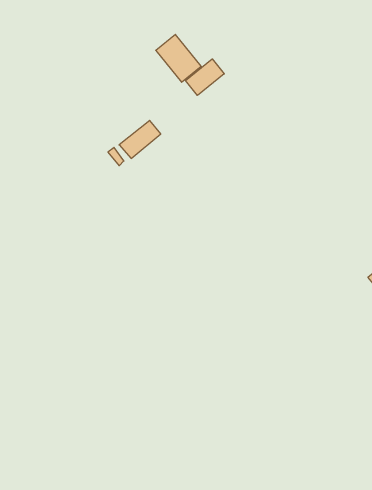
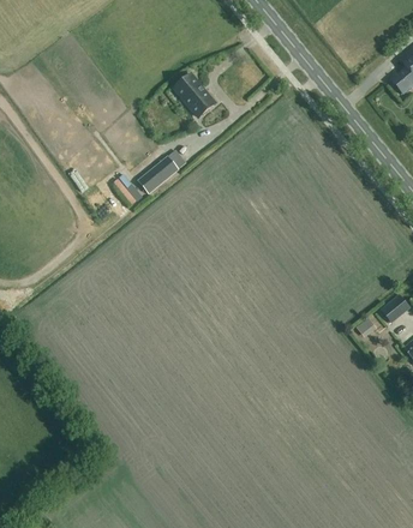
building: [186,59,224,95] -> none

